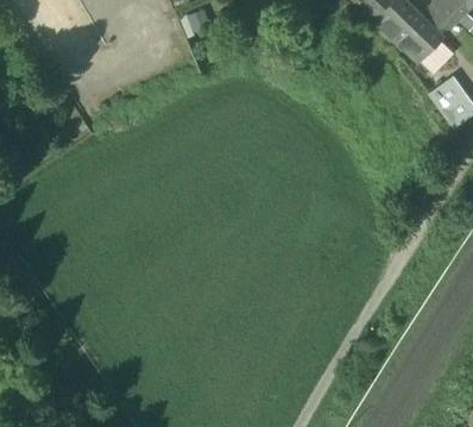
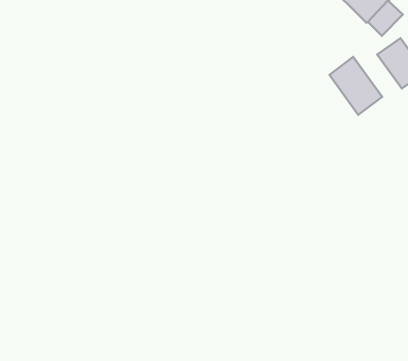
building: none -> [329,57,382,115]

